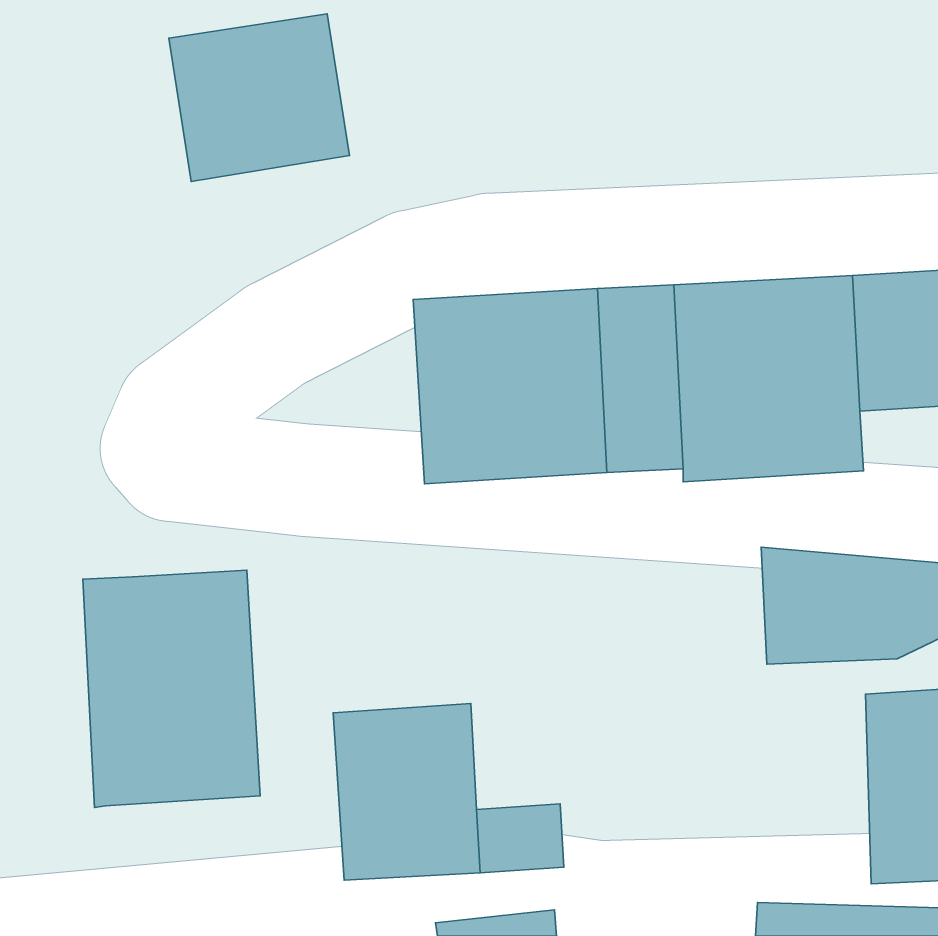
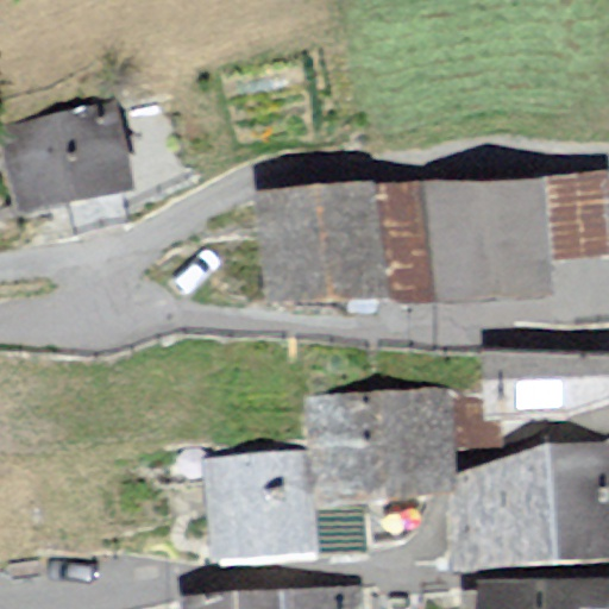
building: [169,14,349,181] -> [18,101,133,208]
building: [83,570,260,807] -> none
building: none -> [322,389,458,507]
building: none -> [467,444,565,569]

